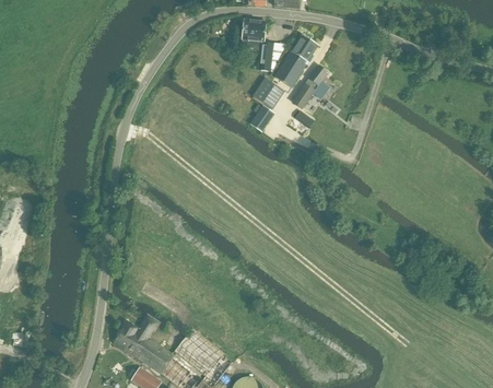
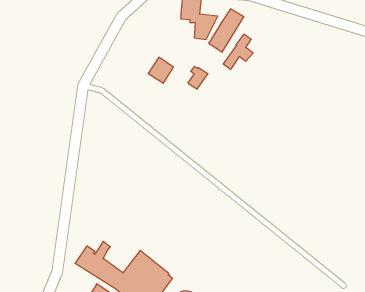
building: [251,78,282,109] -> [148,57,173,83]

